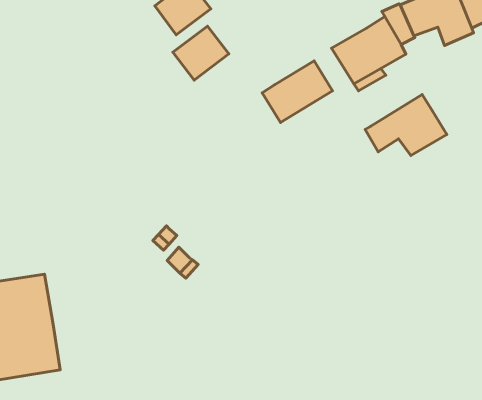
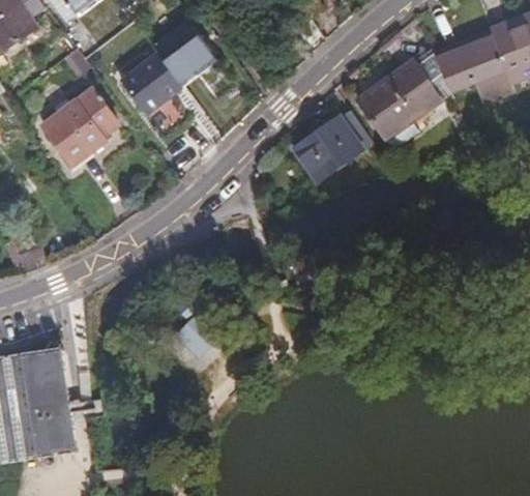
building: [173,26,229,80] -> [126,53,186,111]
building: none -> [37,94,112,169]
building: [365,95,447,156] -> none

